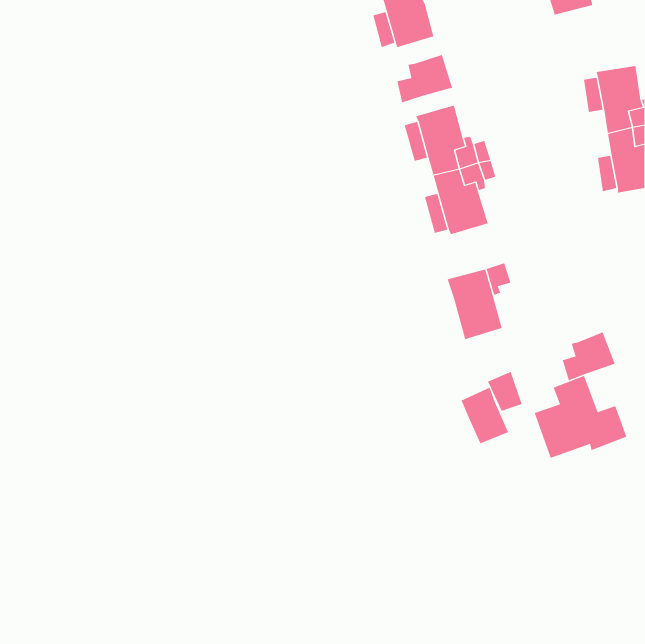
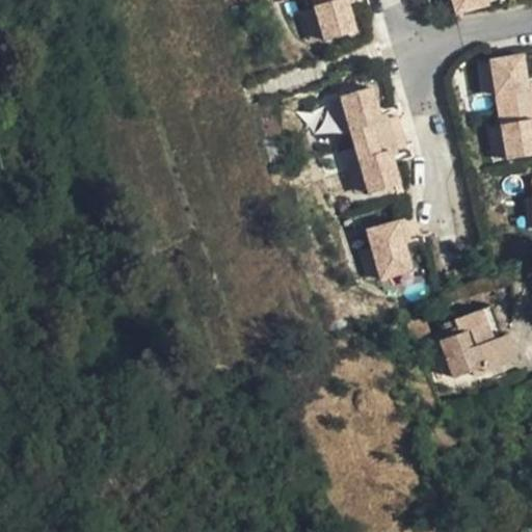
building: [397,54,453,103] -> none
building: [562,331,616,381] -> none
building: [461,387,509,444] -> none

